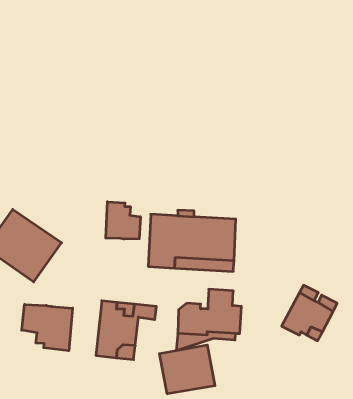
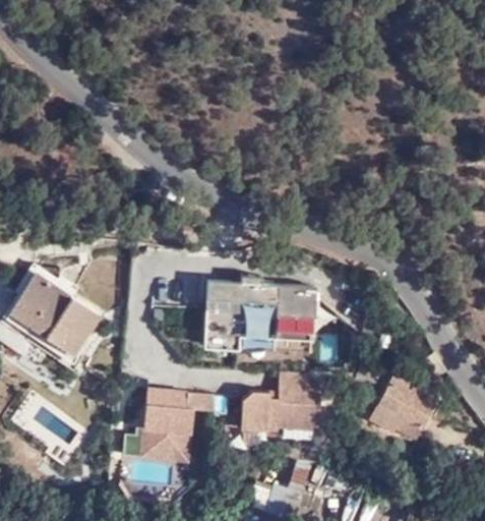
building: [106,202,140,239] -> none
building: [22,304,73,351] -> none
building: [159,345,215,394] -> none

